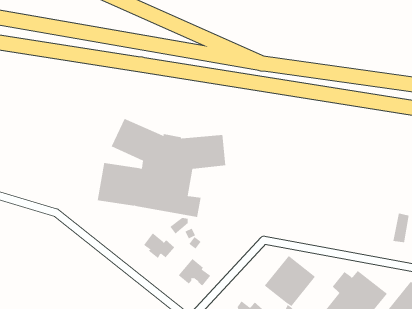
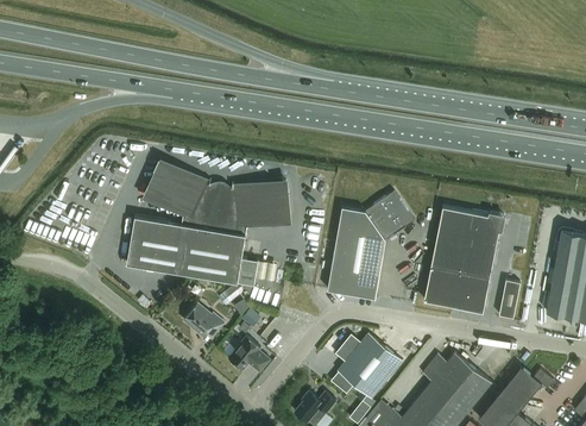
building: none -> [327,192,414,300]
building: none -> [424,207,504,313]

